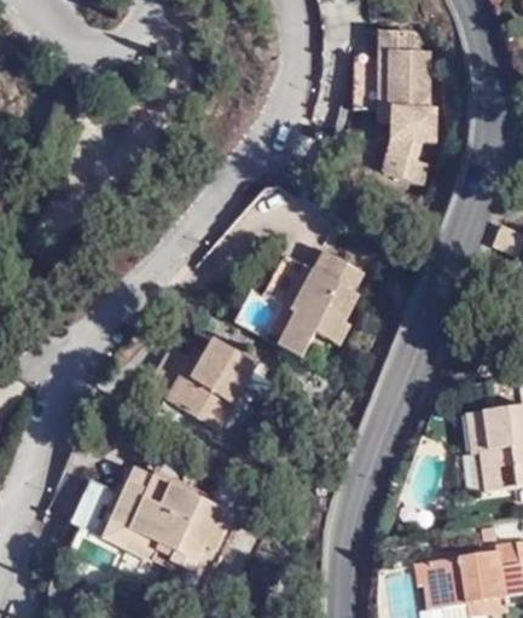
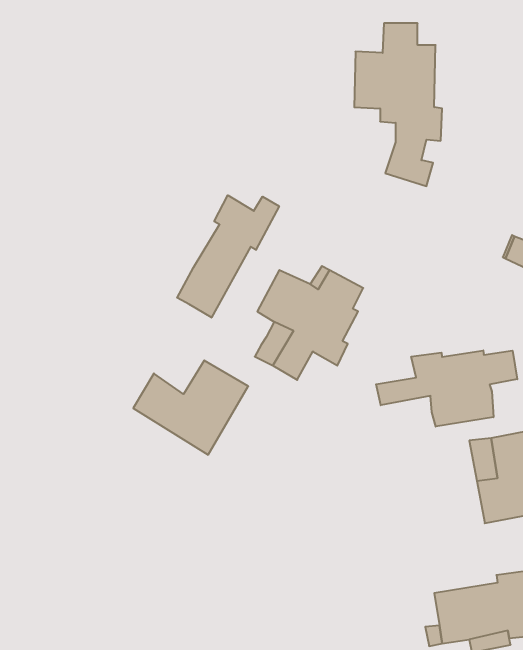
building: none -> [177,195,279,318]
building: none -> [376,350,517,427]
building: [70,468,233,570] -> none

